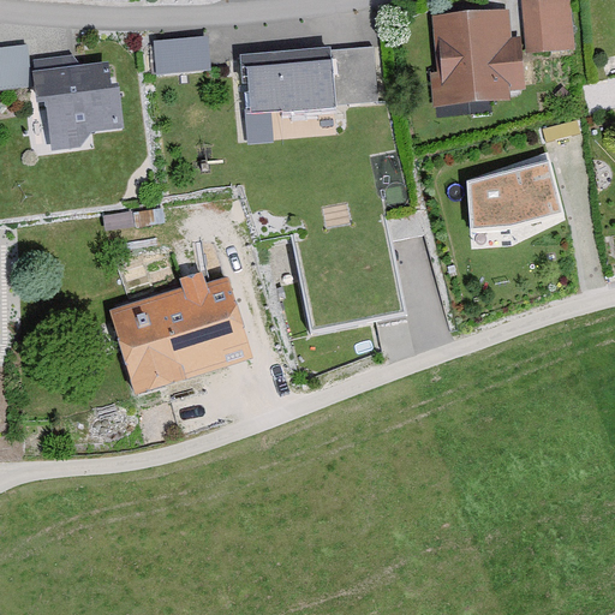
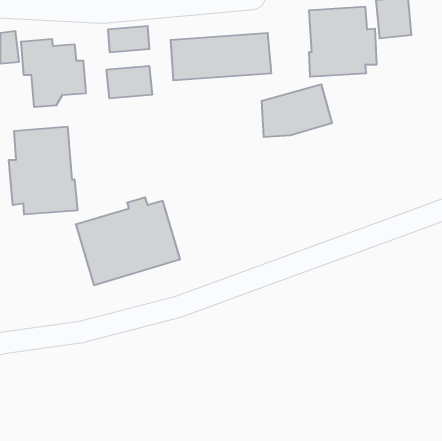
building: none -> [107,66,152,98]
building: [471,155,568,227] -> [262,85,332,137]
building: none -> [9,127,77,215]

